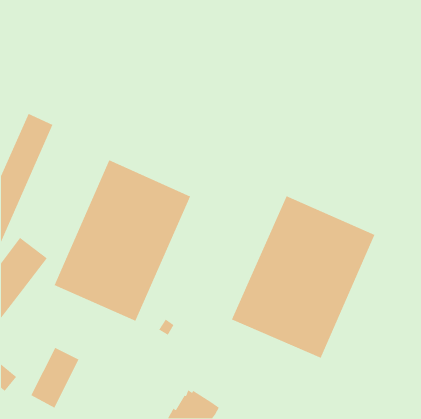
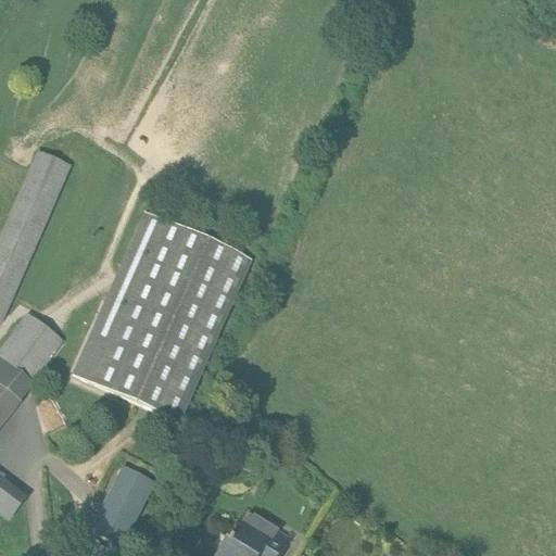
building: [231,195,376,359] -> none
building: [30,347,80,409] -> [89,466,154,547]

